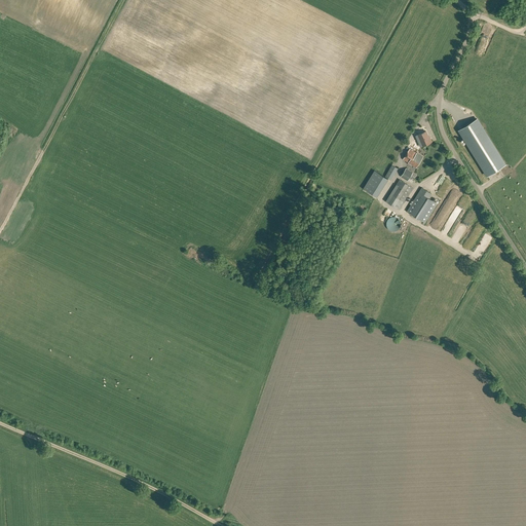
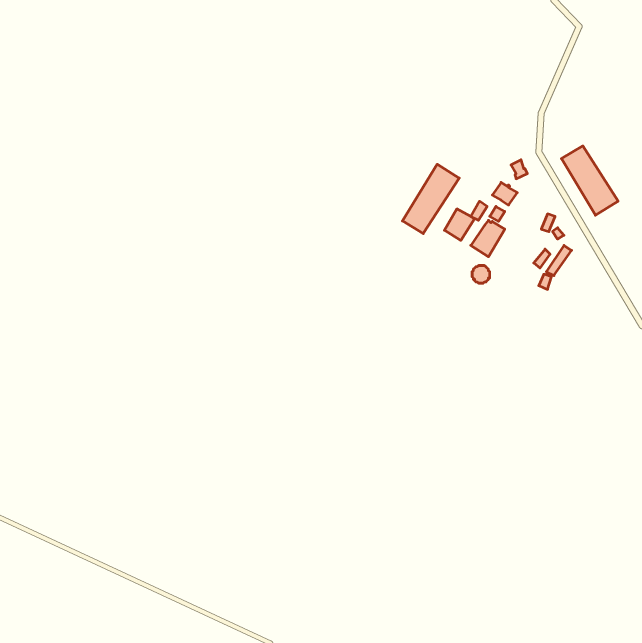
building: none -> [402,164,459,234]
building: [406,187,437,223] -> none

